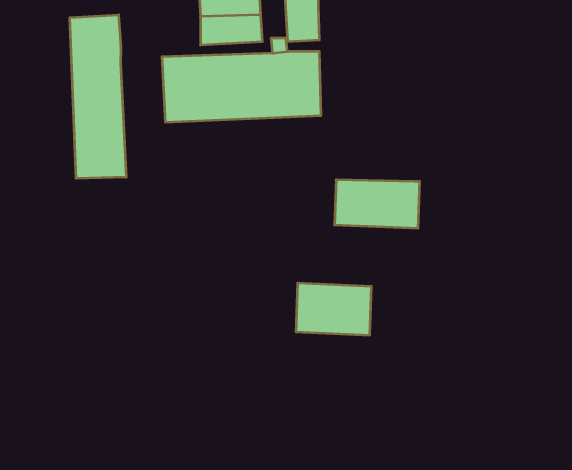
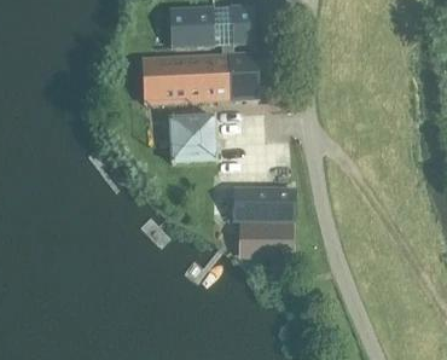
building: [70,15,126,178] -> none
building: none -> [168,112,217,162]
building: [334,180,420,228] -> [232,186,294,221]

